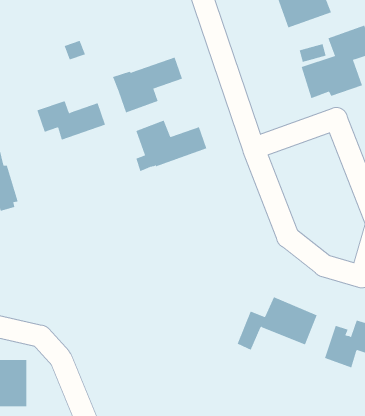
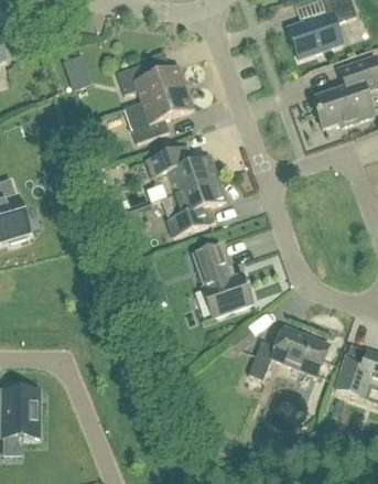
building: [36,100,106,140] -> [117,62,186,101]
building: none -> [162,178,226,236]
building: none -> [193,244,252,315]

